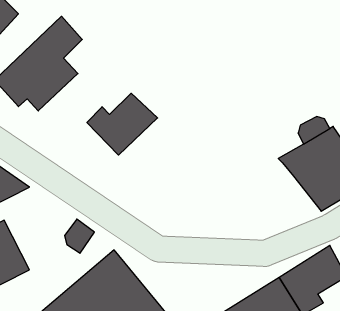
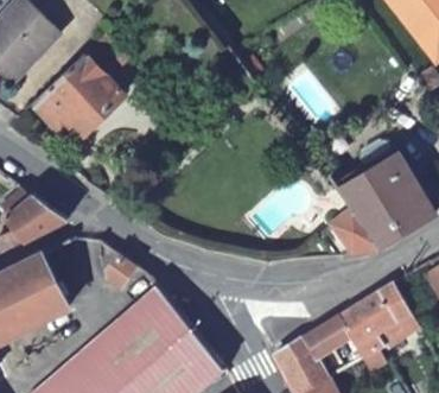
building: [87,93,158,155] -> none
building: none -> [330,207,383,254]

